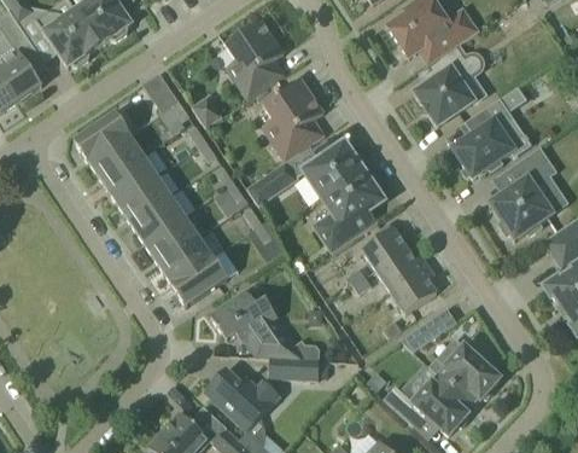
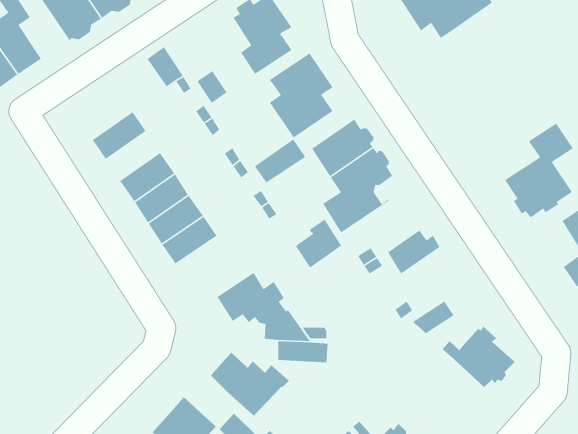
building: [414,42,487,124] -> none
building: [451,85,530,176] -> none
building: [72,111,130,162] -> none
building: [103,153,156,202] -> none
building: [361,222,407,271] -> [295,219,342,268]
building: [170,255,227,306] -> none
building: [389,266,436,314] -> none
building: [383,374,469,434] -> none

